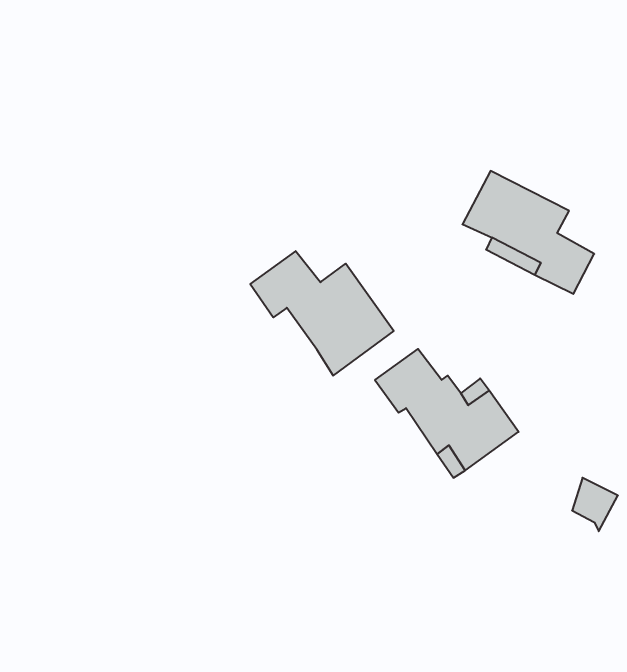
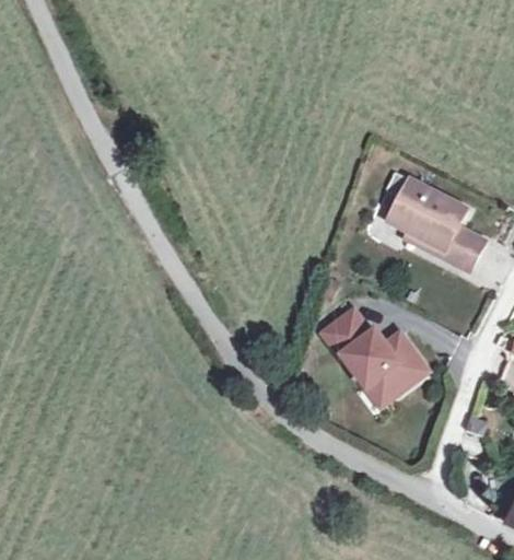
building: [250,251,394,376] -> none

